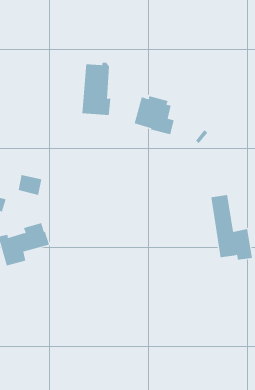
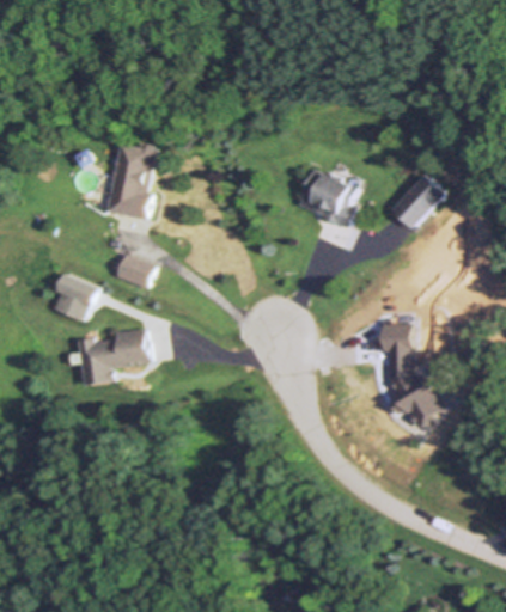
building: [82,62,111,116] -> [105,140,156,219]
building: none -> [390,175,444,227]

